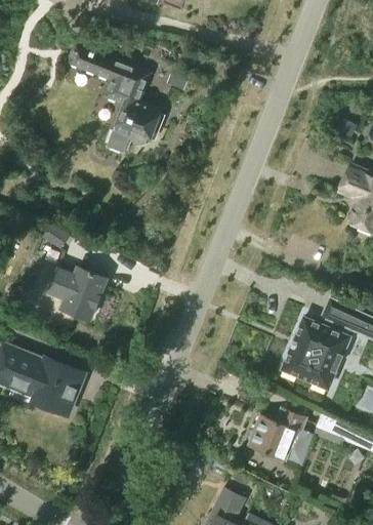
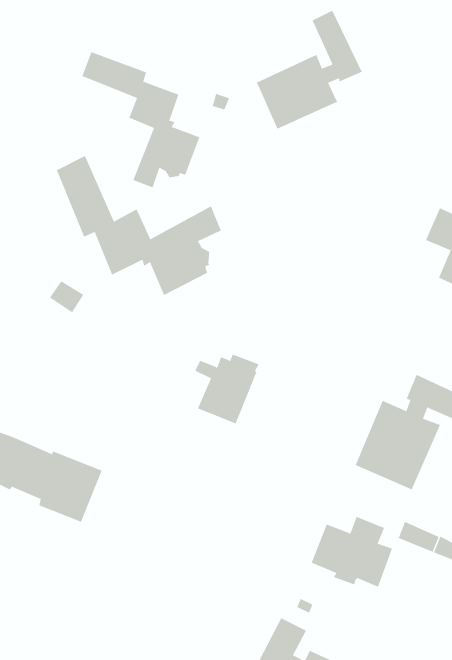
building: none -> [256,10,363,129]
building: none -> [56,155,222,296]
building: [57,265,109,320] -> [195,354,260,424]

